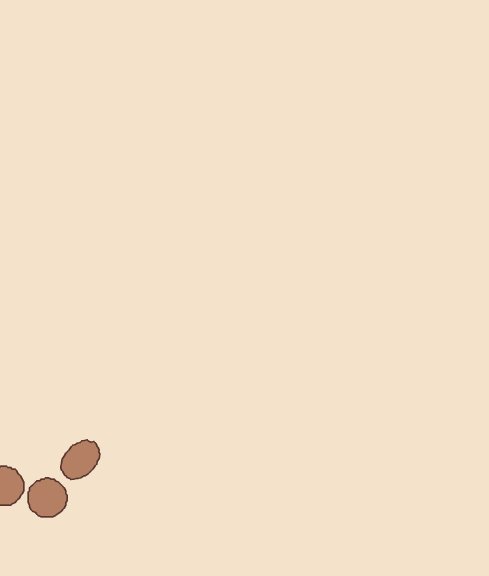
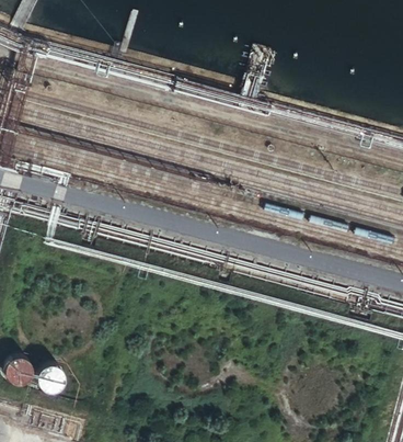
building: [61,440,100,480] -> none

